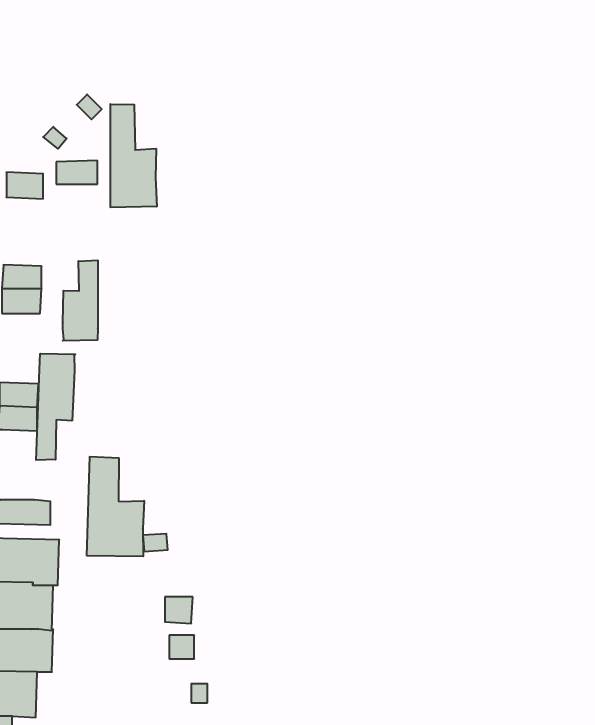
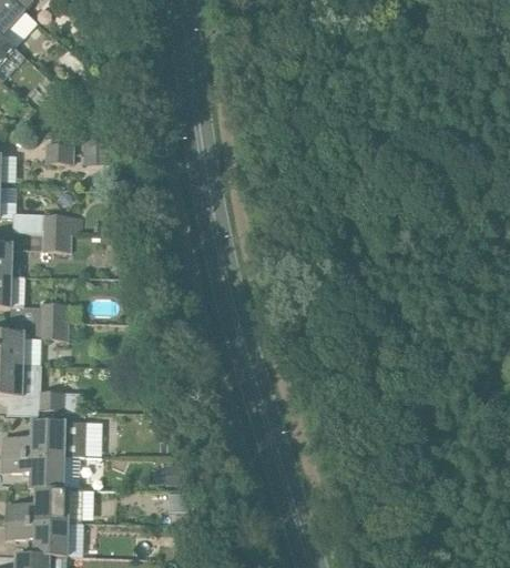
building: [110,104,157,207] -> none
building: [63,260,98,341] -> none
building: [36,354,75,460] -> none
building: [87,457,144,556] -> none

